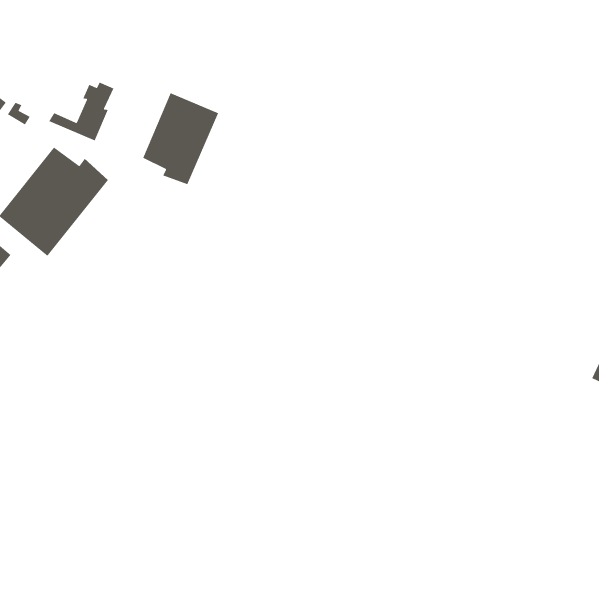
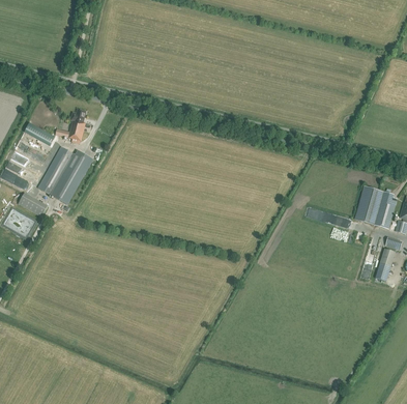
building: [142,92,219,185] -> none

